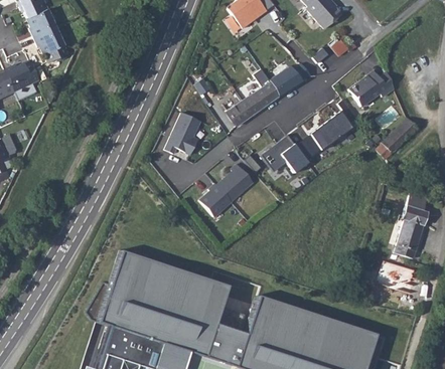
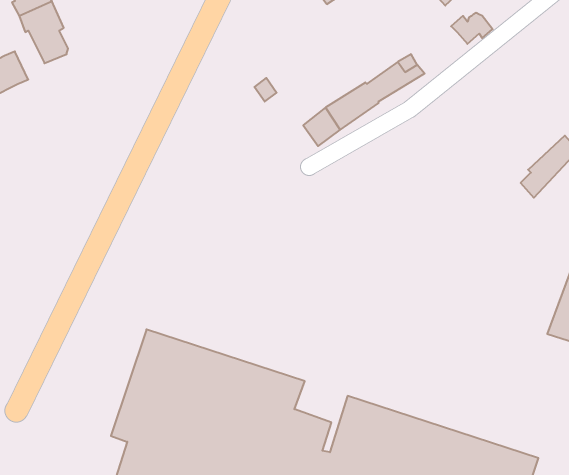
building: [347,68,389,105] -> none
building: [308,110,350,149] -> none
building: [164,113,200,155] -> none
building: [260,135,305,171] -> none
building: [200,164,254,216] -> none

